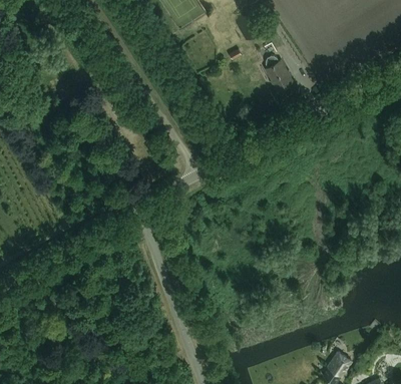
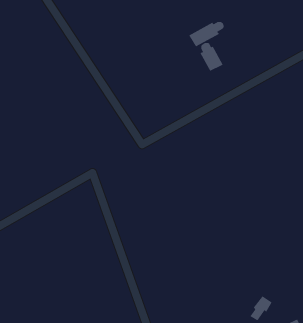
building: none -> [188,21,224,47]

